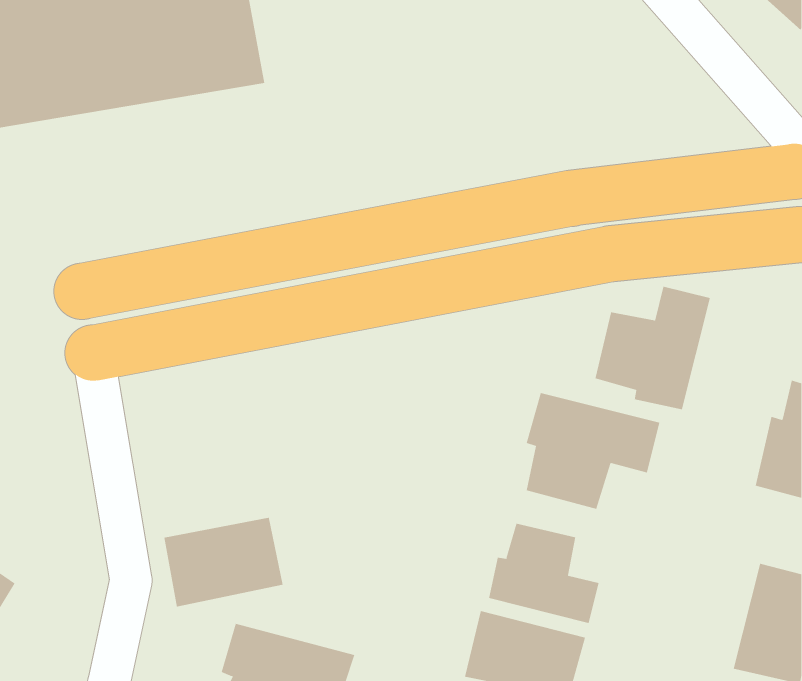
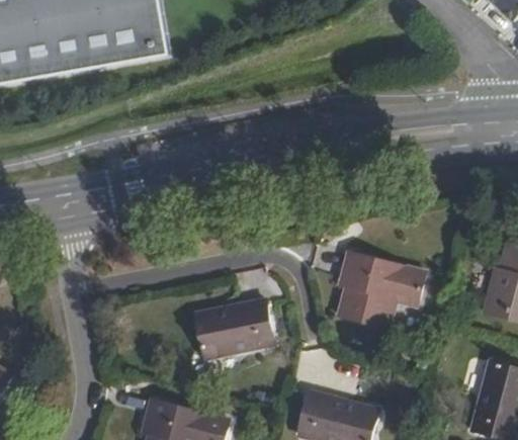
building: [595,286,710,410] -> none
building: [164,517,284,607] -> [196,300,273,358]
building: [489,523,599,624] -> none

